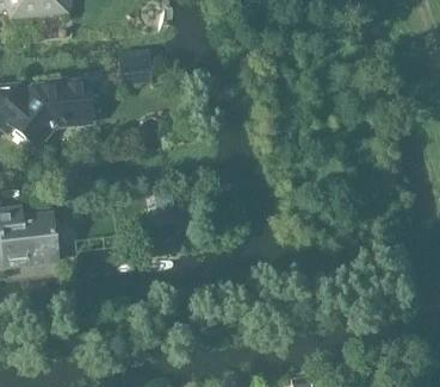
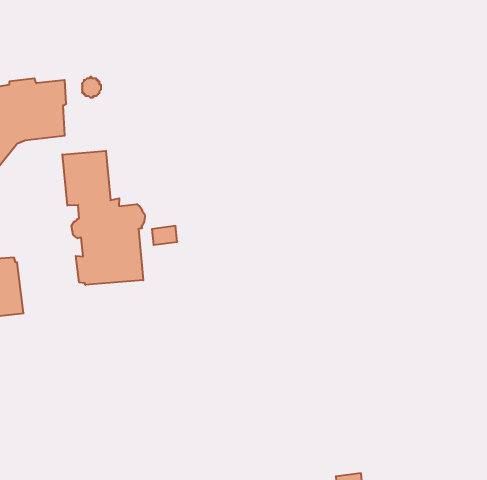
building: none -> [62,151,145,285]

